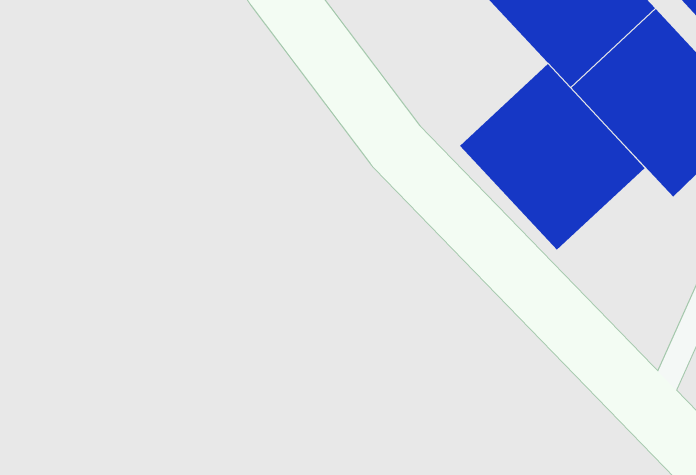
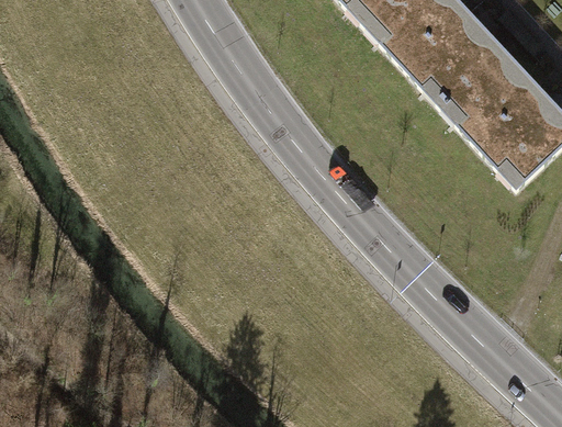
building: [459,63,645,251] -> none

